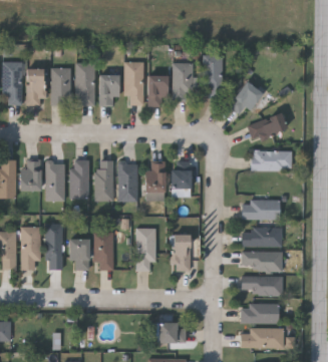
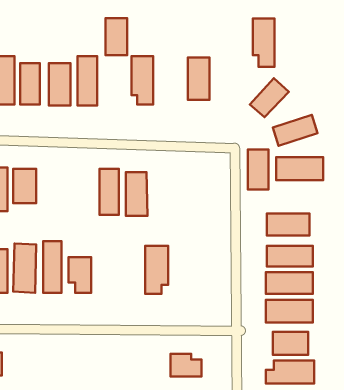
building: [204,55,223,97] -> [253,19,275,67]
building: [99,74,118,106] -> [105,18,127,55]
building: [148,75,168,105] -> none
building: [70,160,88,199] -> none
building: [45,161,65,201] -> none
building: [173,161,191,197] -> [248,149,269,190]
building: [146,162,165,201] -> none
building: [94,232,113,269] -> none
building: [174,234,199,270] -> none

